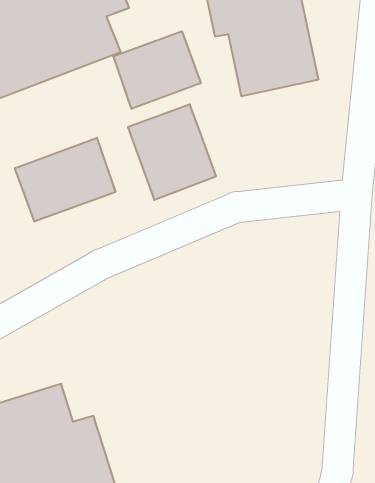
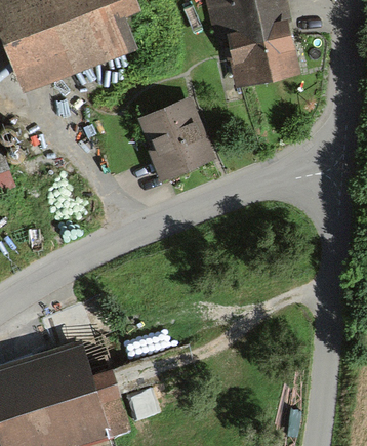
building: [113,31,201,109] -> none
building: [15,138,115,222] -> none

